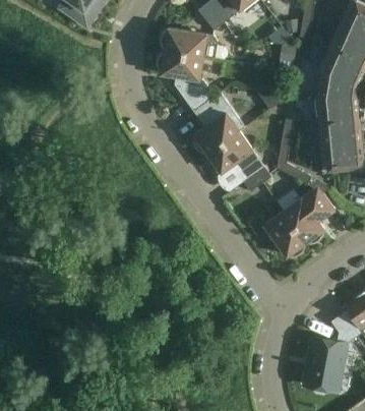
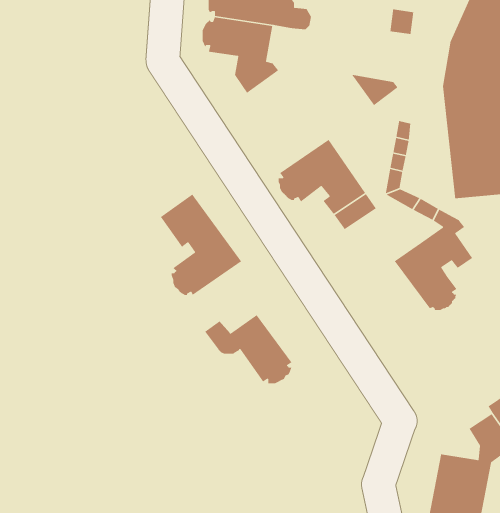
building: [186,85,240,153] -> [160,193,242,296]
building: [248,211,306,256] -> [204,314,292,384]

